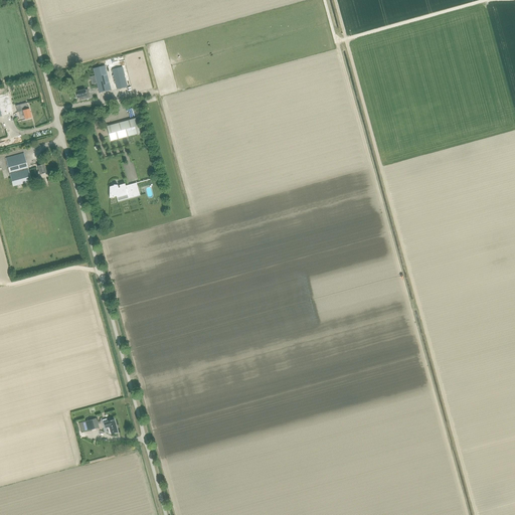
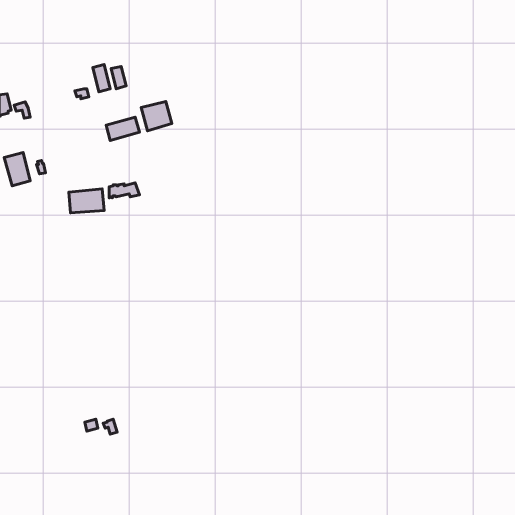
building: none -> [141,102,172,131]
building: none -> [69,189,104,213]

